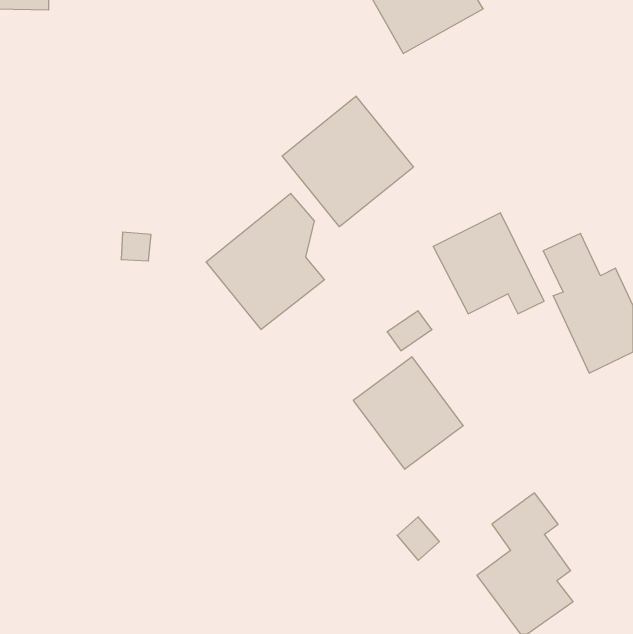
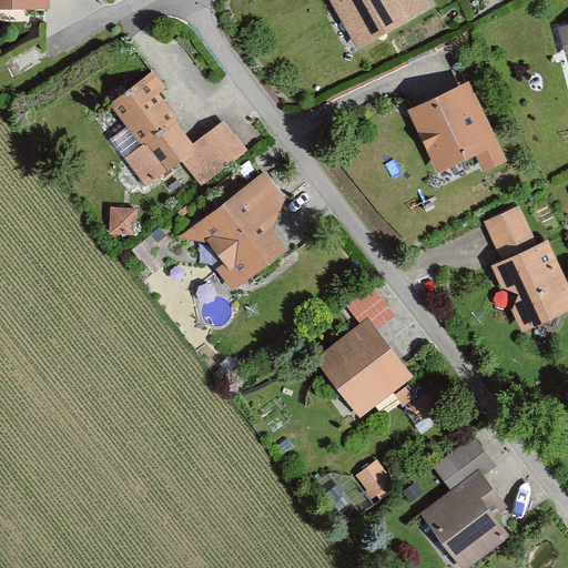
building: none -> [109,73,244,187]
building: [282,96,413,227] -> none
building: [433,213,544,314] -> [410,83,509,173]

